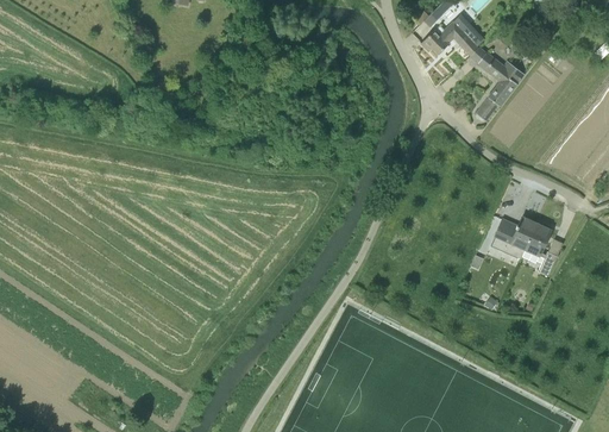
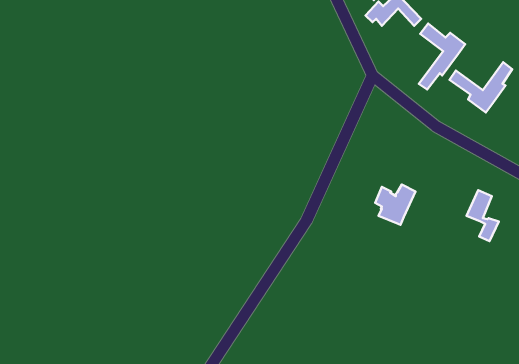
building: none -> [449,62,512,112]
building: [495,215,536,257] -> [375,184,416,225]

